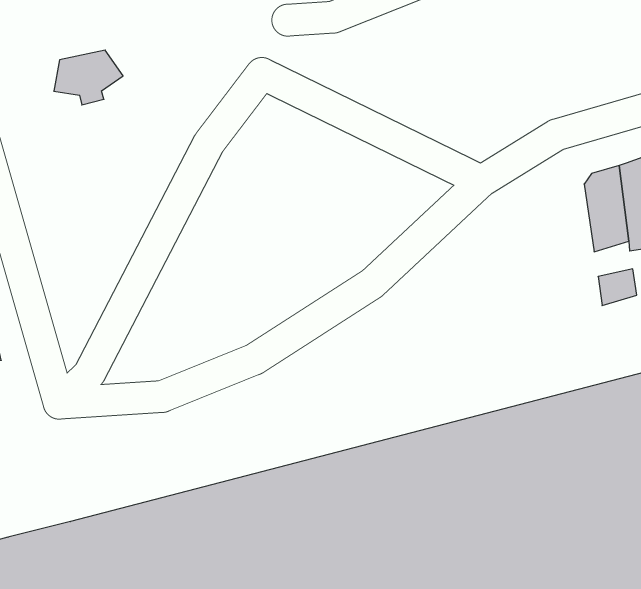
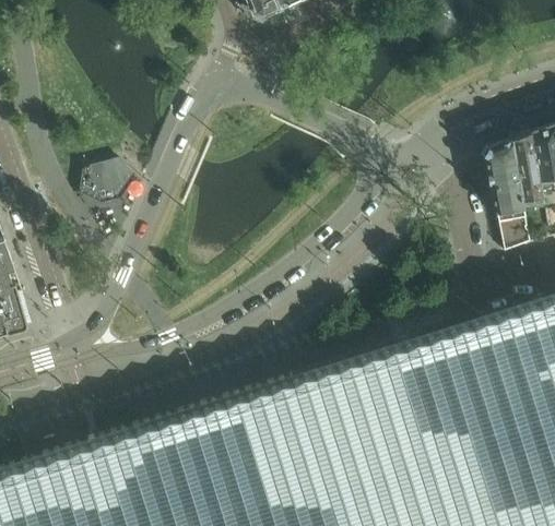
building: [54,50,123,105] -> [80,162,134,206]
building: none -> [495,203,527,232]

